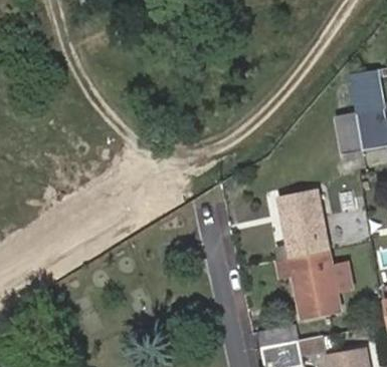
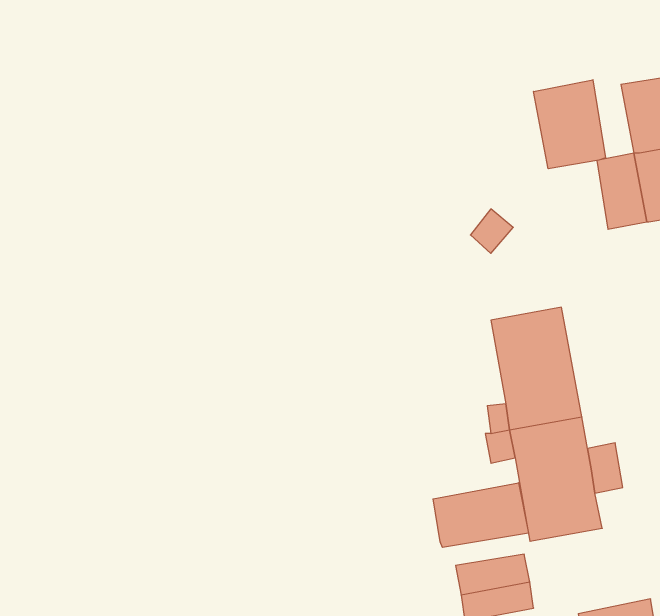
building: none -> [534,80,605,169]
building: none -> [433,483,528,547]

